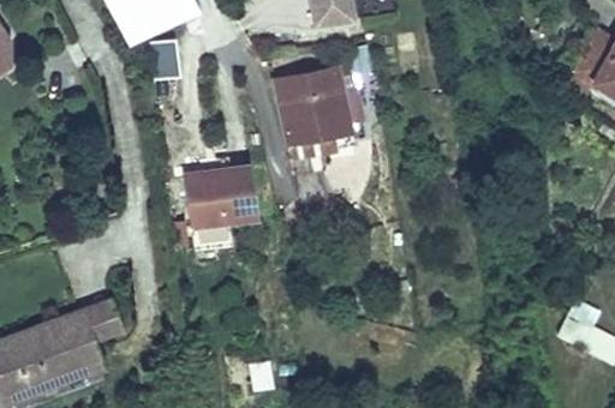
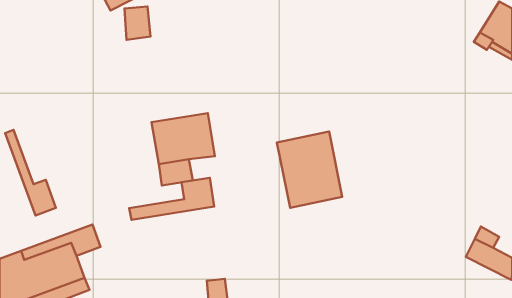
building: [275,65,353,156] -> [277,131,342,208]
building: none -> [5,130,56,215]
building: none -> [129,178,214,220]

